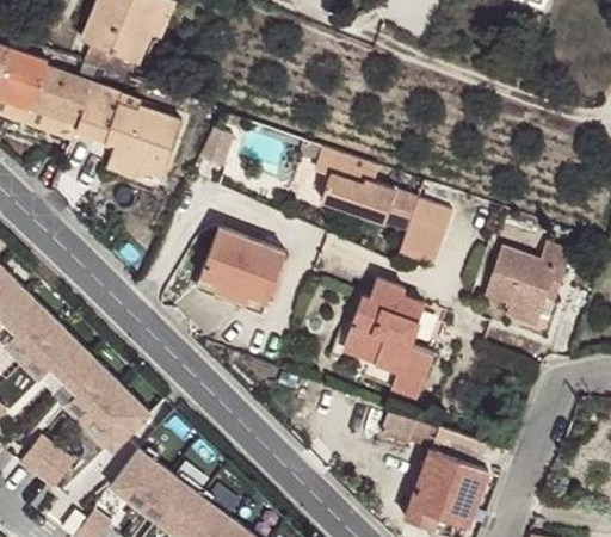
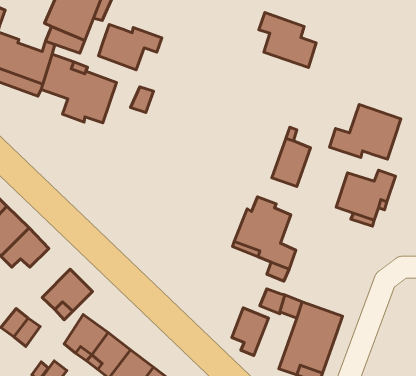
building: none -> [98,25,162,70]
building: [315,148,395,224] -> [259,13,316,68]
building: none -> [330,105,401,159]
building: [199,229,285,304] -> none
building: [61,353,117,421] -> none
building: none -> [232,308,269,356]

